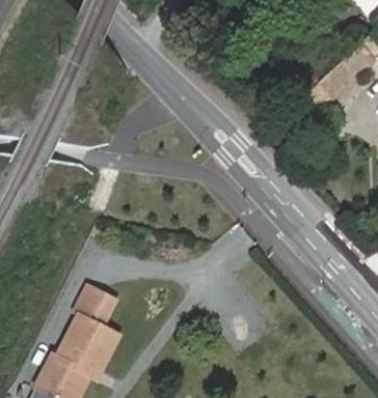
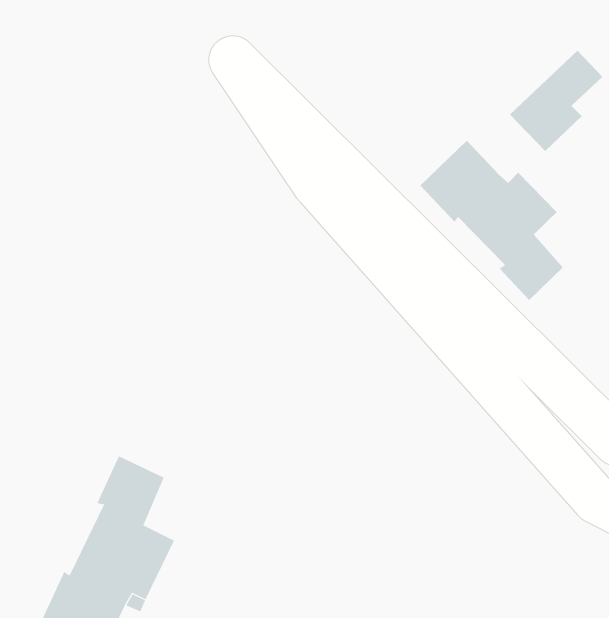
building: none -> [420,140,564,301]

